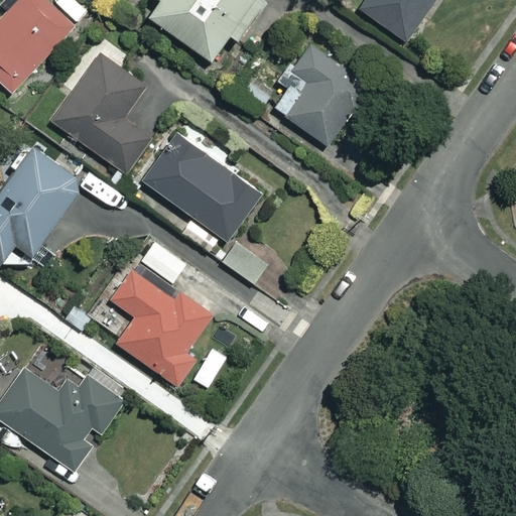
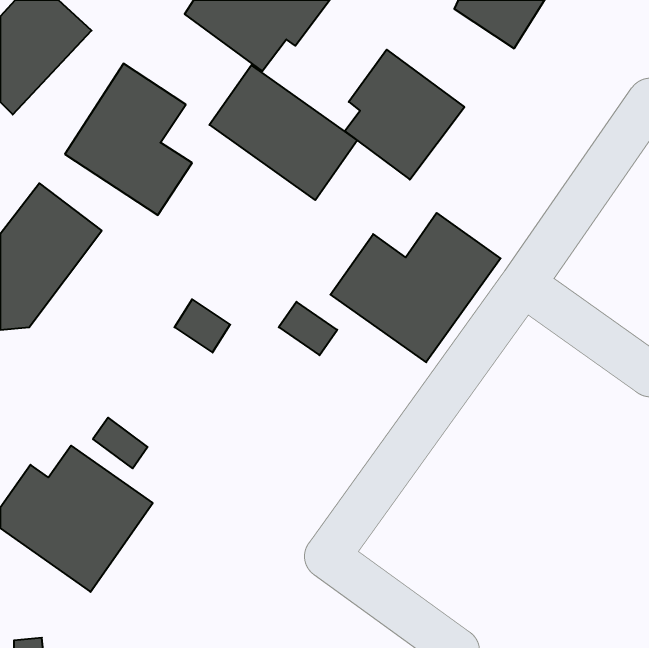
building: [144,134,261,241] -> [209,65,357,200]
building: none -> [330,213,501,362]
building: [110,269,211,386] -> none

